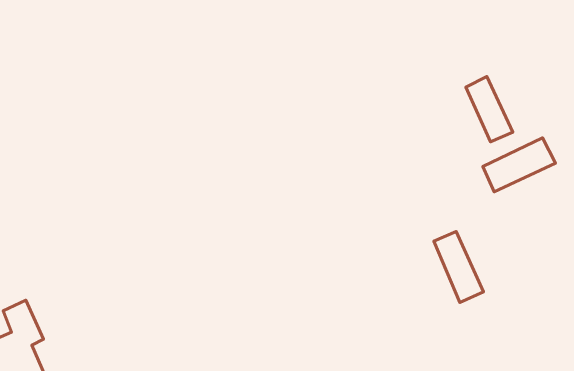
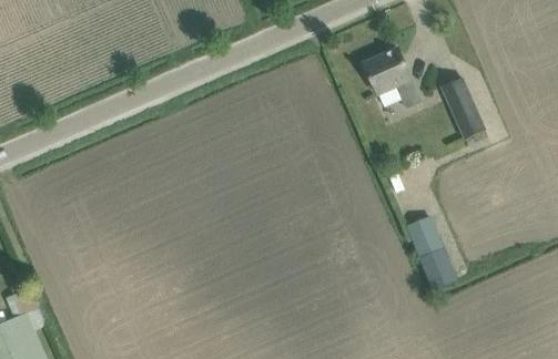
building: none -> [363,47,419,105]
building: [483,138,556,192] -> none

